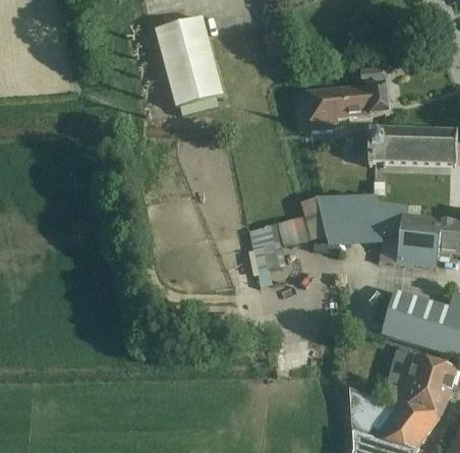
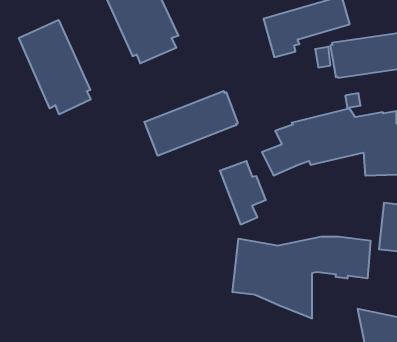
building: none -> [19,20,91,114]
building: none -> [144,91,238,156]
building: none -> [233,237,371,319]

